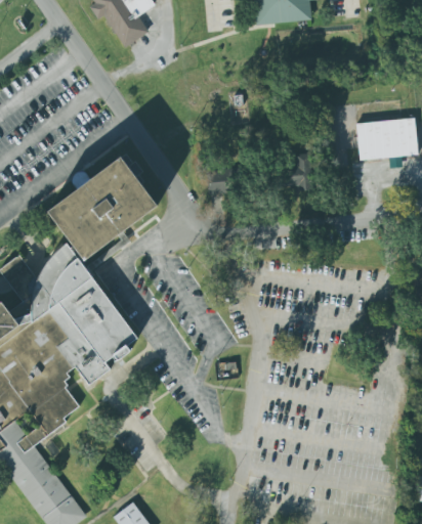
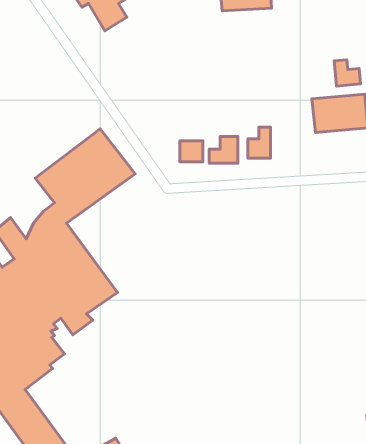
building: none -> [334,60,361,86]
building: none -> [209,137,238,163]

